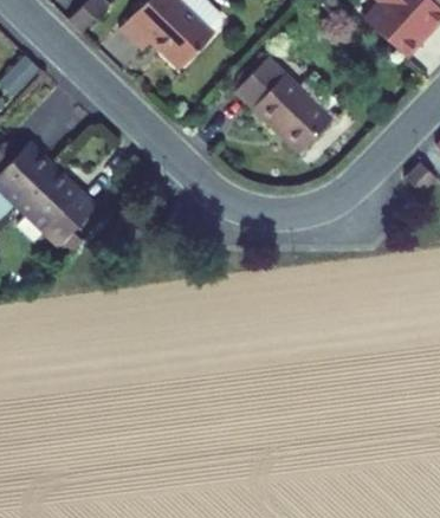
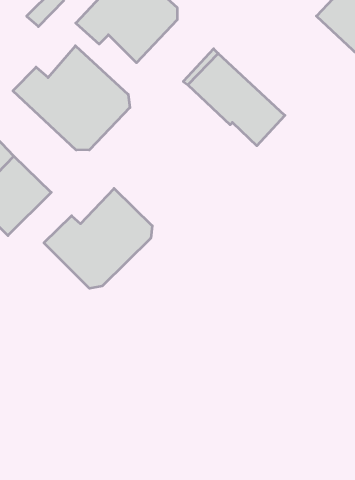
building: none -> [13,46,130,150]
building: none -> [44,188,152,288]

